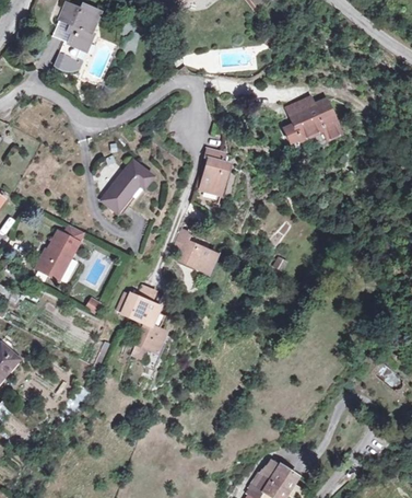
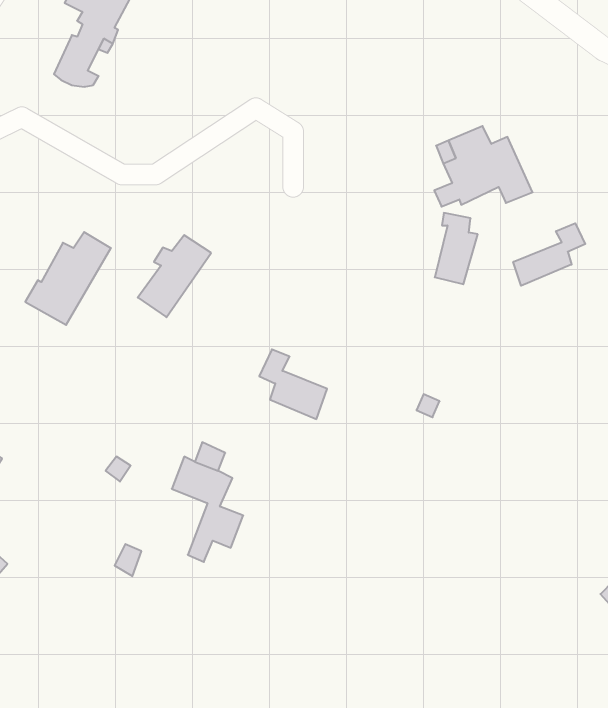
building: [203,150,229,194] -> [435,213,478,284]
building: none -> [513,223,585,286]
building: [35,223,87,280] -> [25,232,111,325]

